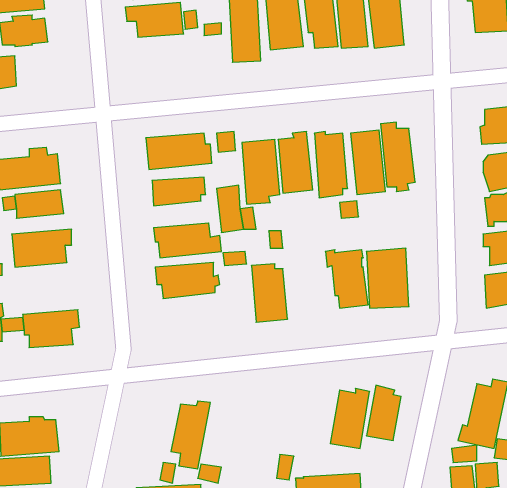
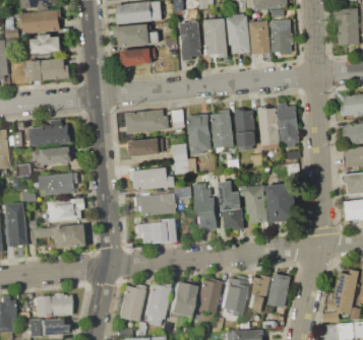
building: none -> [122,50,153,67]
building: none -> [43,58,68,79]
building: none -> [221,181,246,230]
building: none -> [45,198,81,222]
building: none -> [135,218,174,245]
building: none -> [219,275,247,317]
building: none -> [194,278,221,315]
building: none -> [169,279,195,318]
building: none -> [117,284,144,323]

